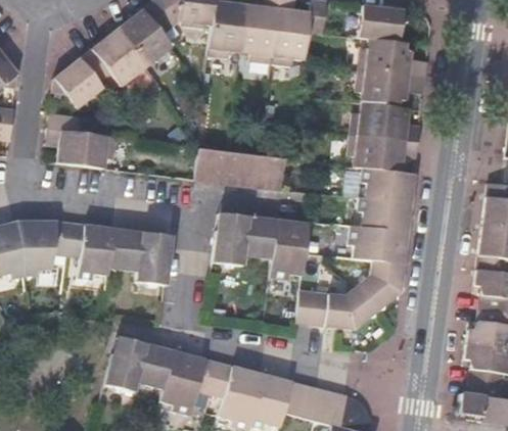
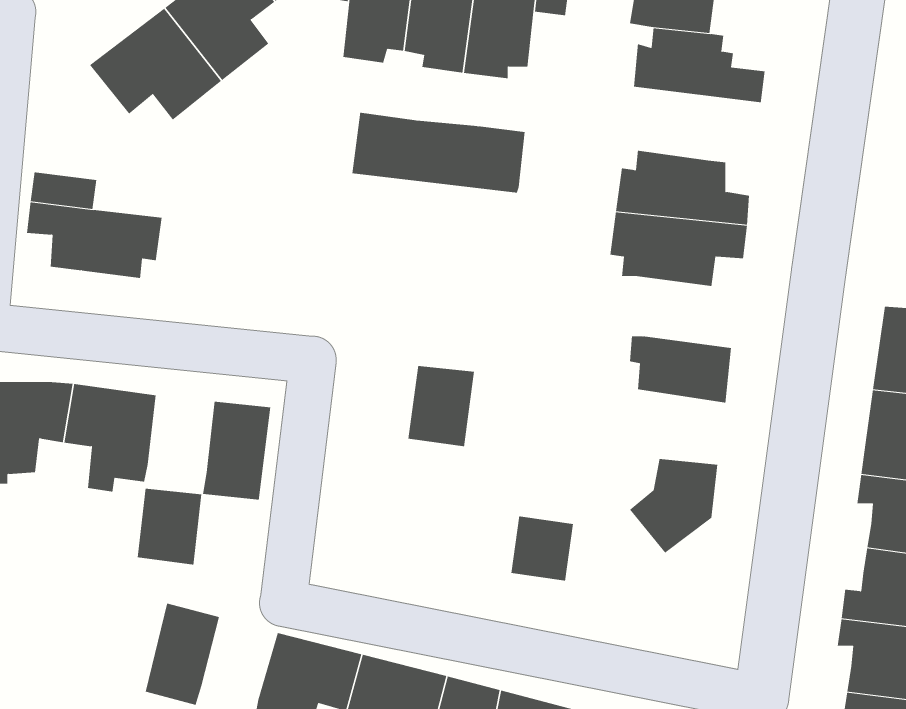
building: [52,58,104,109] -> none
building: [357,69,426,107] -> none
building: [195,148,285,190] -> [352,112,526,193]
building: [361,167,415,204] -> none
building: [214,209,248,259] -> none
building: [271,217,310,274] -> none
building: [353,226,408,265] -> none
building: [109,229,143,269] -> [137,488,202,565]
building: [325,288,376,328] -> none
building: [137,343,176,386] -> none

